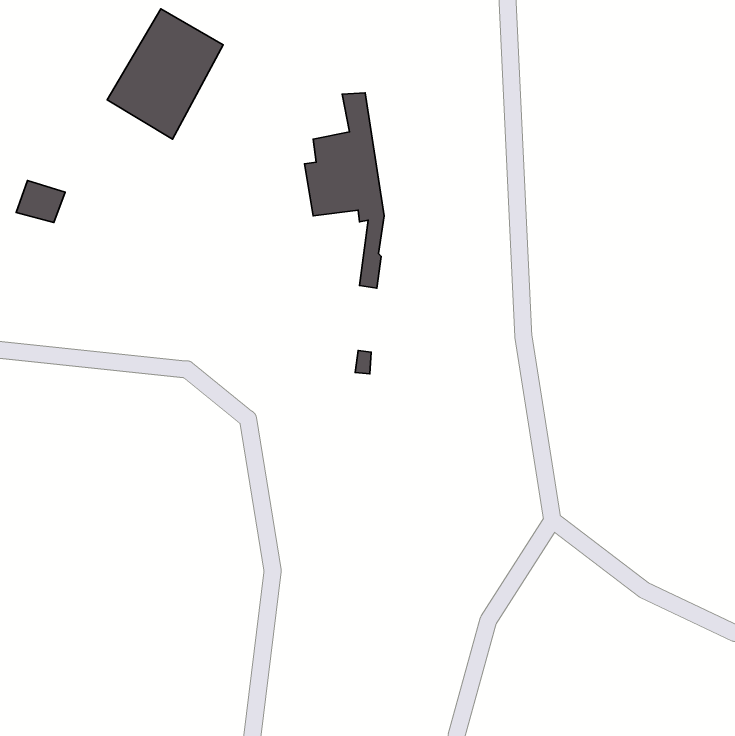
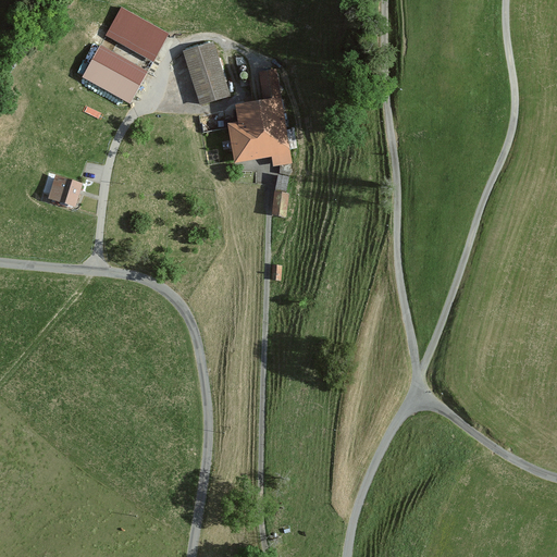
building: none -> [182,41,227,104]
building: [16,181,65,223] -> [46,174,83,206]

